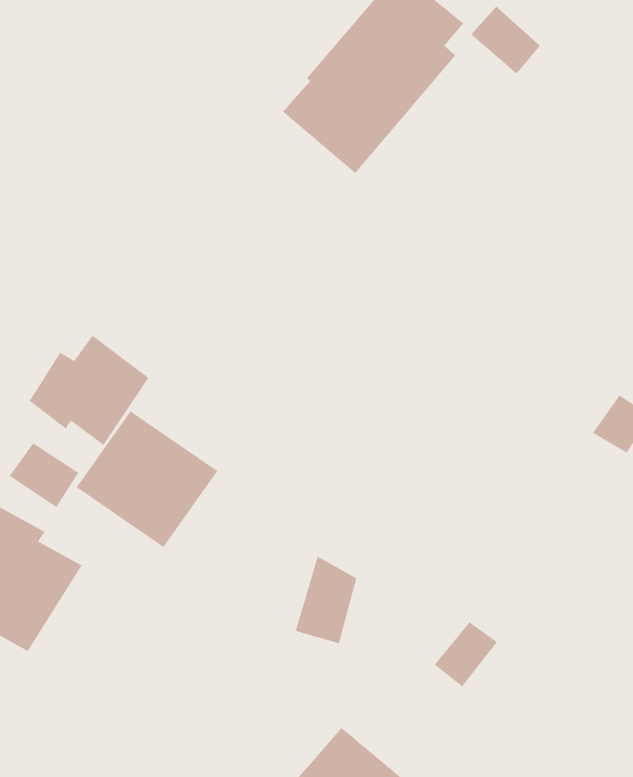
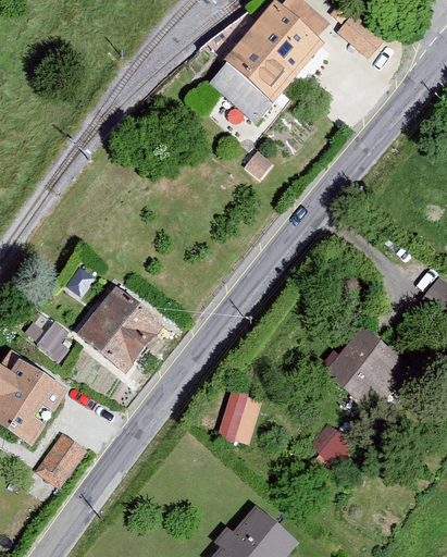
building: [29,335,149,446] -> none
building: none -> [323,325,415,416]
building: none -> [37,432,85,484]

